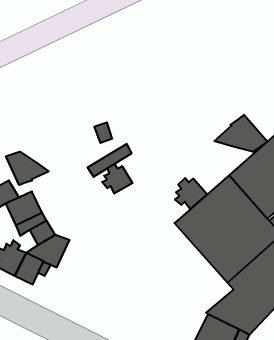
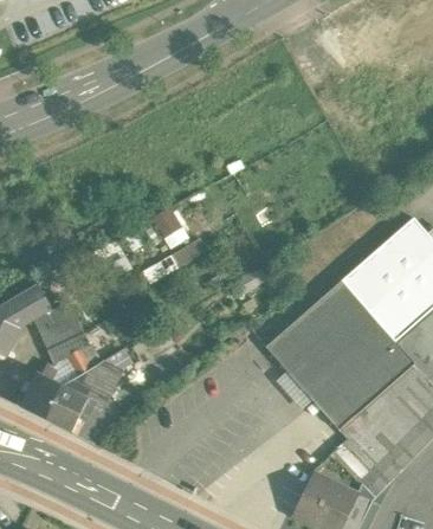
building: [214,115,268,152] -> none
building: [6,152,49,185] -> none
building: [102,164,133,194] -> none
building: [175,178,207,209] -> none

